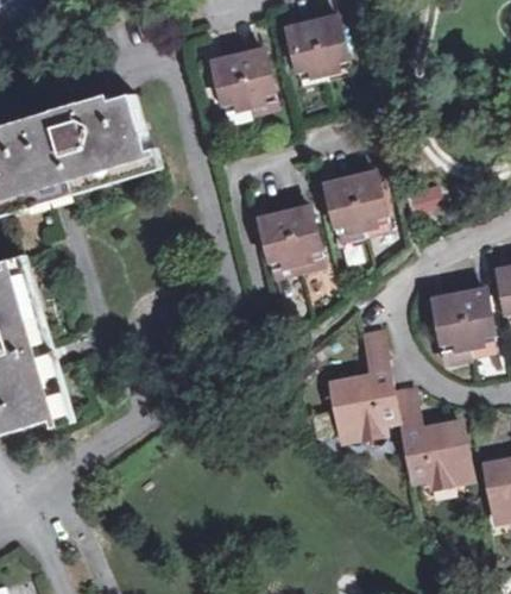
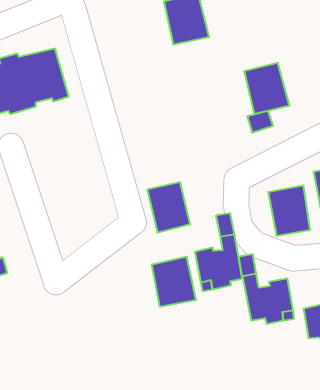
building: [210,48,275,120] -> none
building: [323,171,387,244] -> [244,63,290,114]
building: [259,206,320,277] -> [147,182,190,232]
building: none -> [152,256,196,307]

